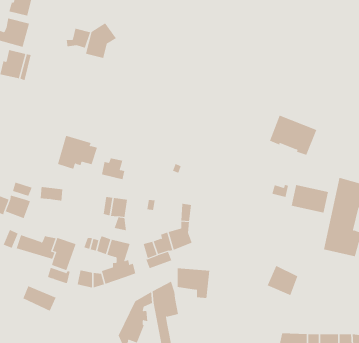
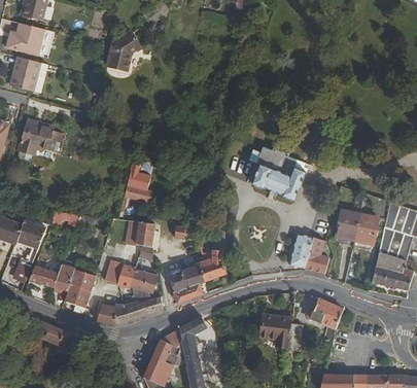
building: [66,28,91,49] -> none
building: [269,115,317,156] -> [251,154,305,200]
building: [57,135,98,170] -> [16,120,62,158]
building: none -> [289,234,329,273]
building: [177,268,210,298] -> [254,314,291,348]

